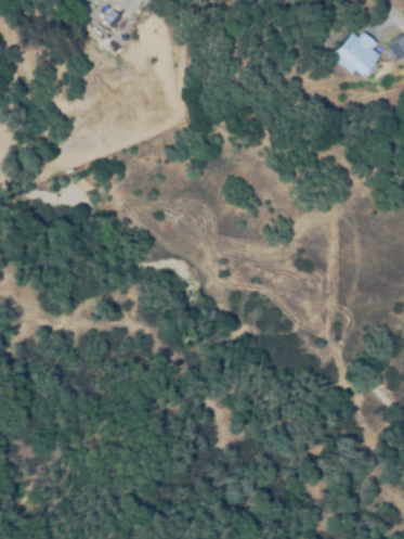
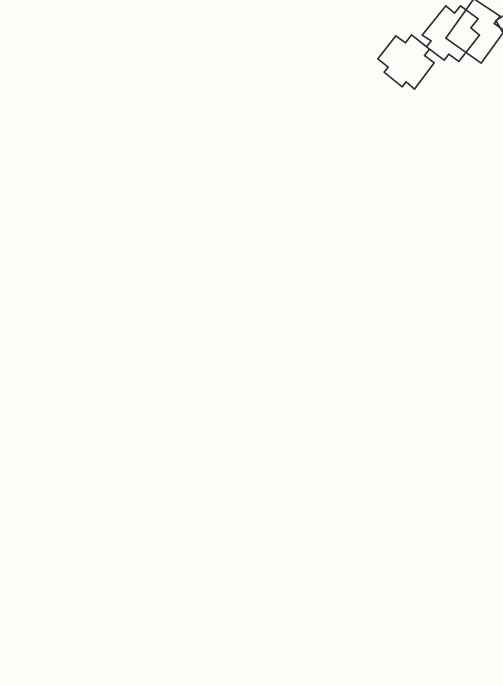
building: none -> [378,35,434,89]

